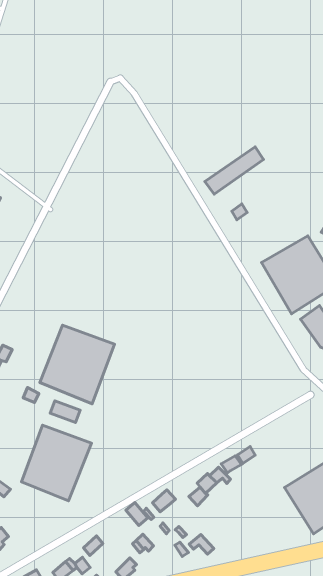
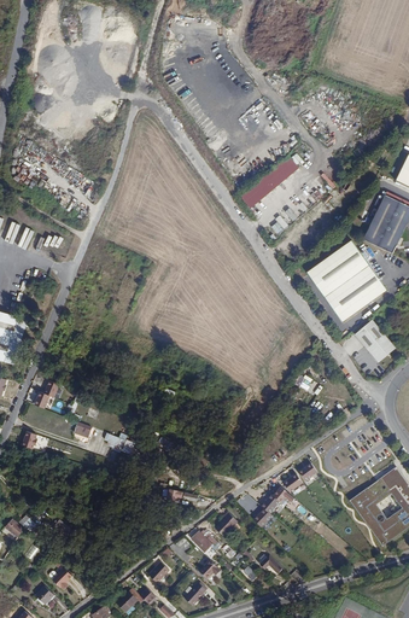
building: [40,325,114,404] -> none
building: [22,425,92,501] -> none

